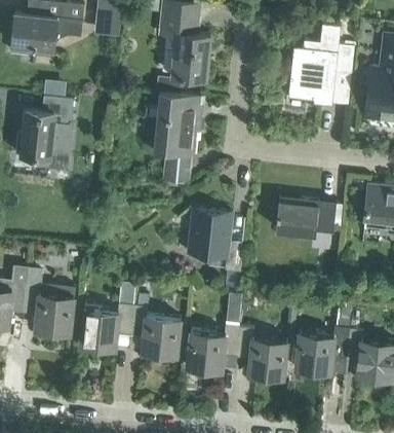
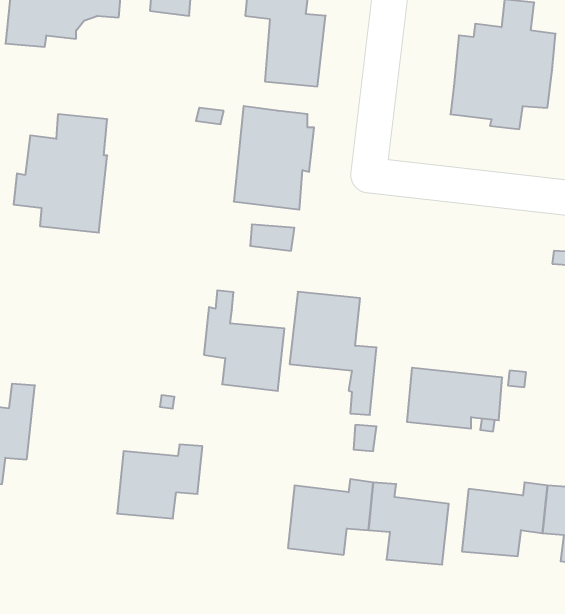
building: [276,197,336,236] -> [407,368,502,429]
building: [24,267,75,335] -> none
building: [130,295,181,358] -> [204,291,284,391]

